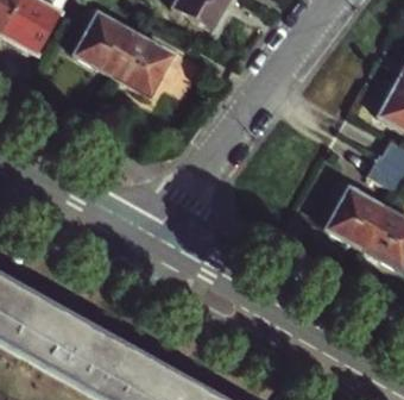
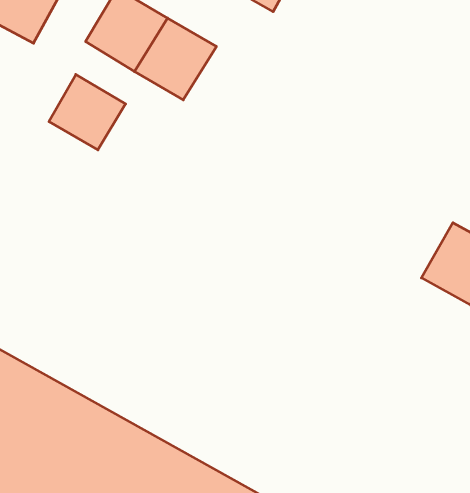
building: none -> [49,74,126,150]

